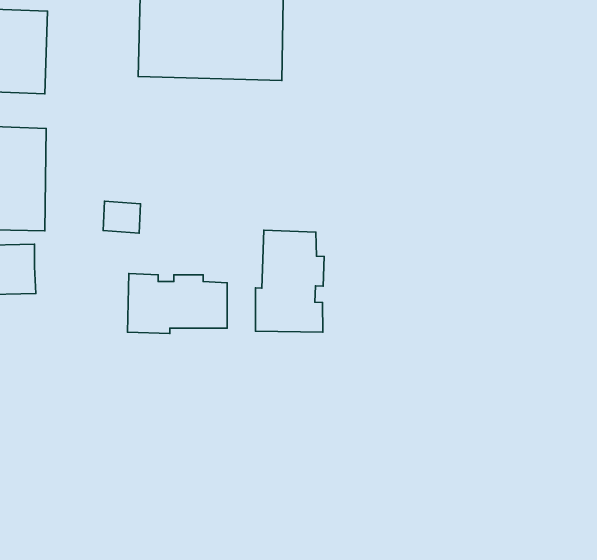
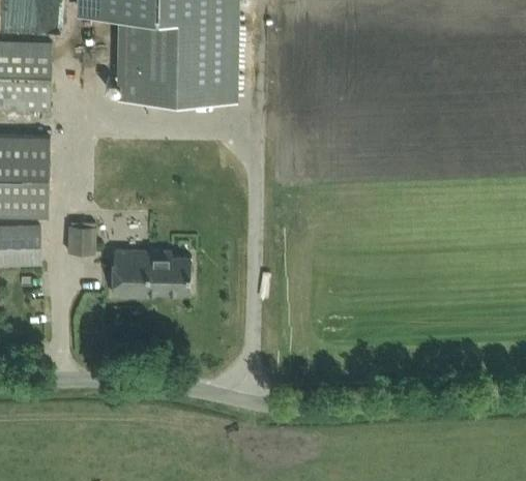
building: [103,201,141,233] -> [66,229,95,253]
building: [255,230,324,332] -> none

